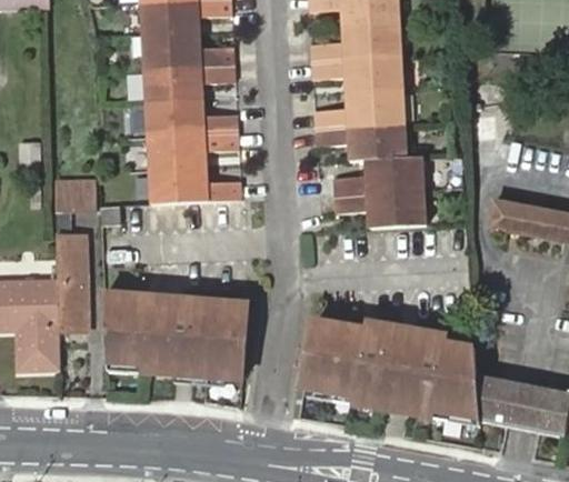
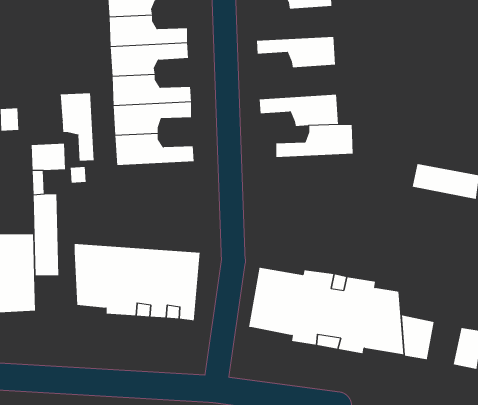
building: [311,22,400,61] -> none
building: [315,89,403,128] -> none
building: none -> [60,92,94,162]
building: [333,190,425,227] -> none
building: [507,381,545,430] -> none

